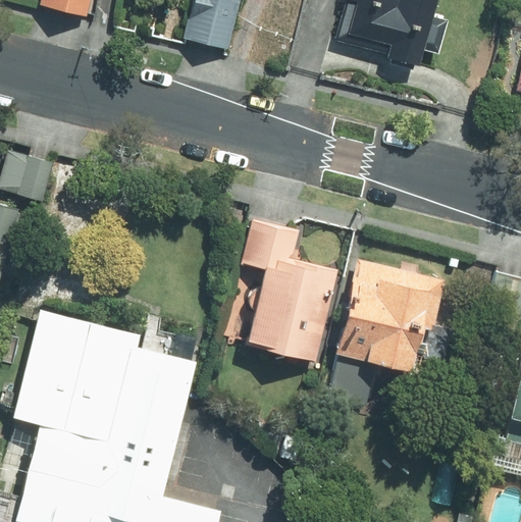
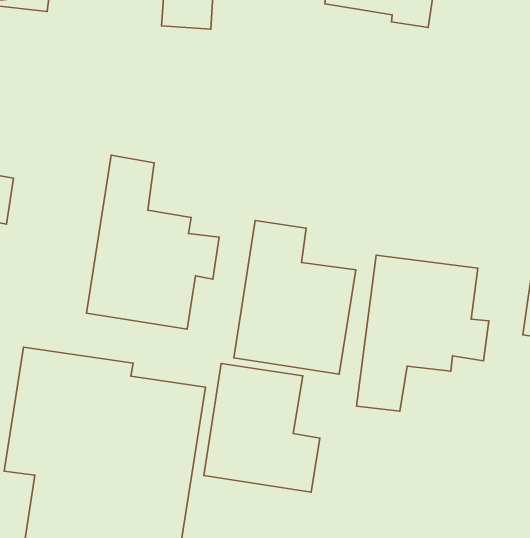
building: none -> [87,155,219,329]
building: none -> [204,363,320,492]

